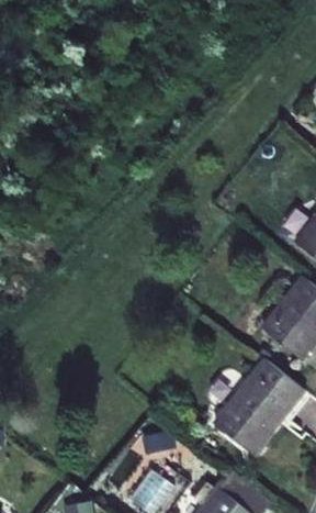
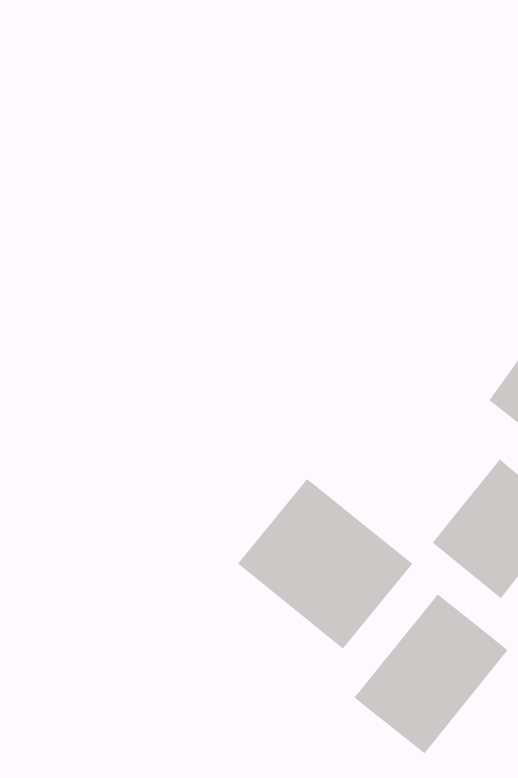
building: none -> [237,478,413,649]

